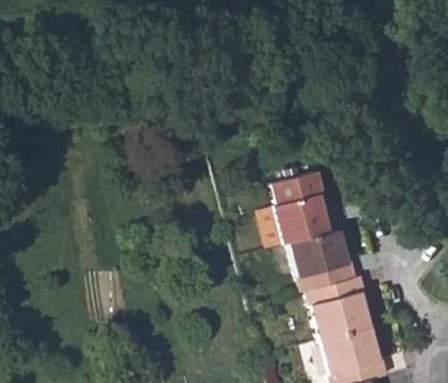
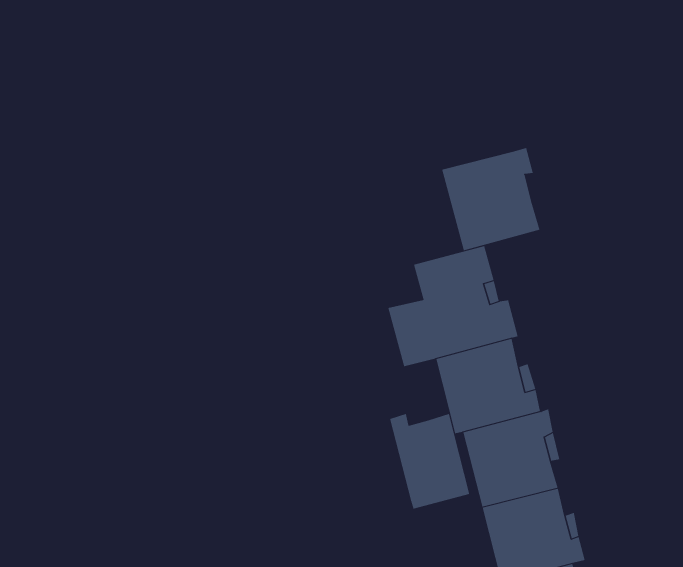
building: none -> [442,147,540,251]
building: none -> [390,413,470,510]

